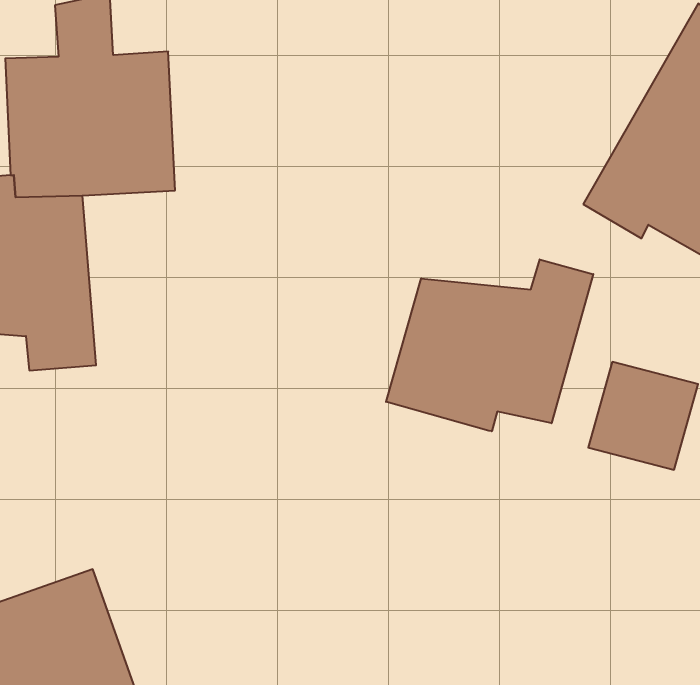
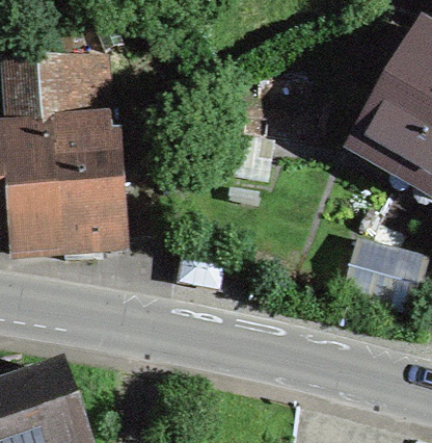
building: none -> [51,139,126,247]
building: [386,259,593,431] -> none

